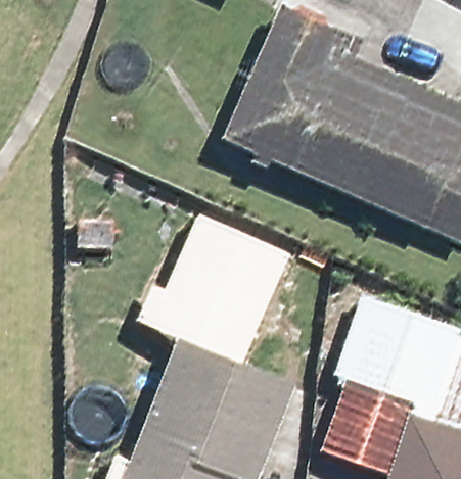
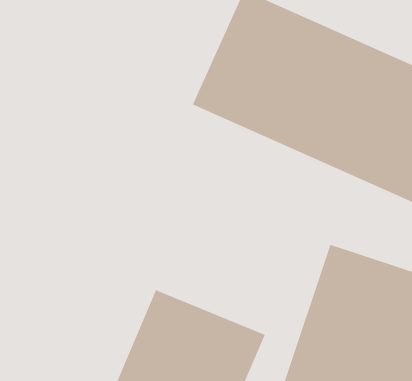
building: [152,220,285,358] -> none

